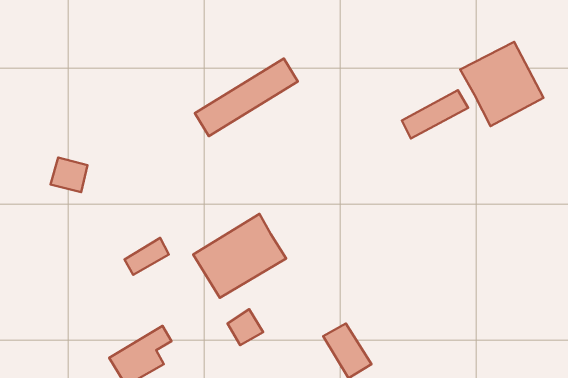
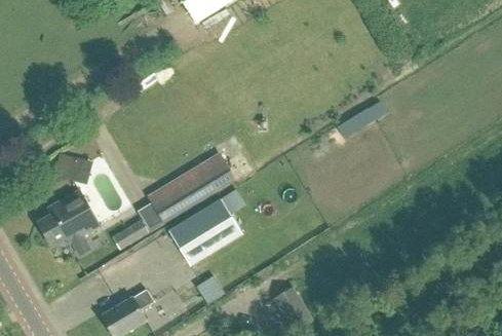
building: [460,42,543,126] -> none
building: [195,59,298,136] -> [152,158,235,221]
building: none -> [36,188,98,253]

